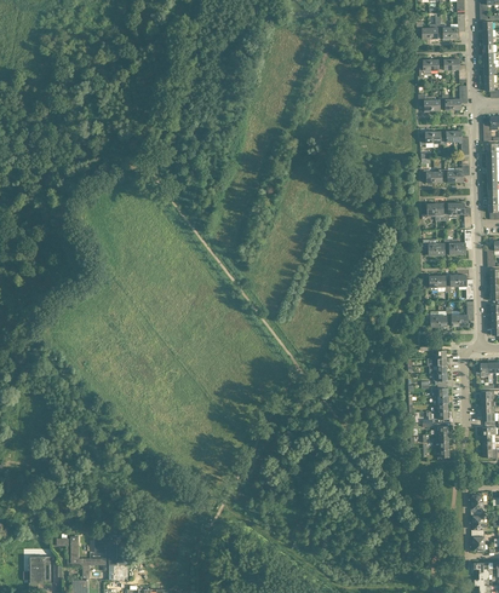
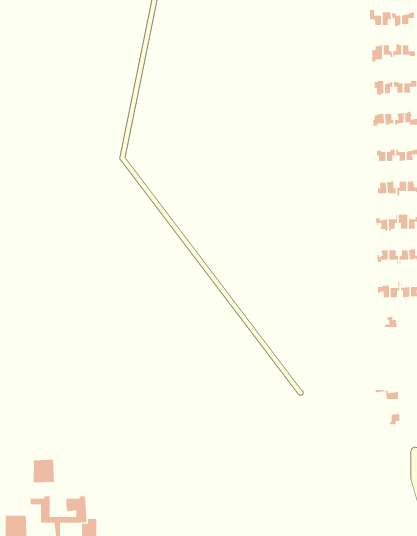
building: none -> [33,459,55,483]

